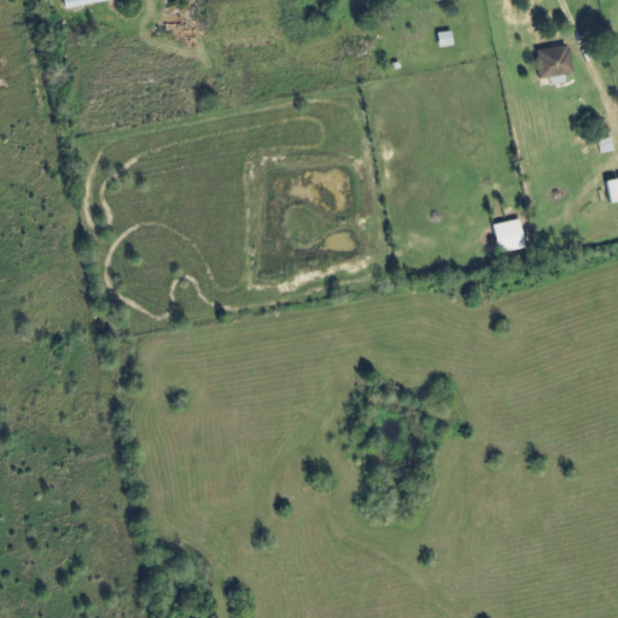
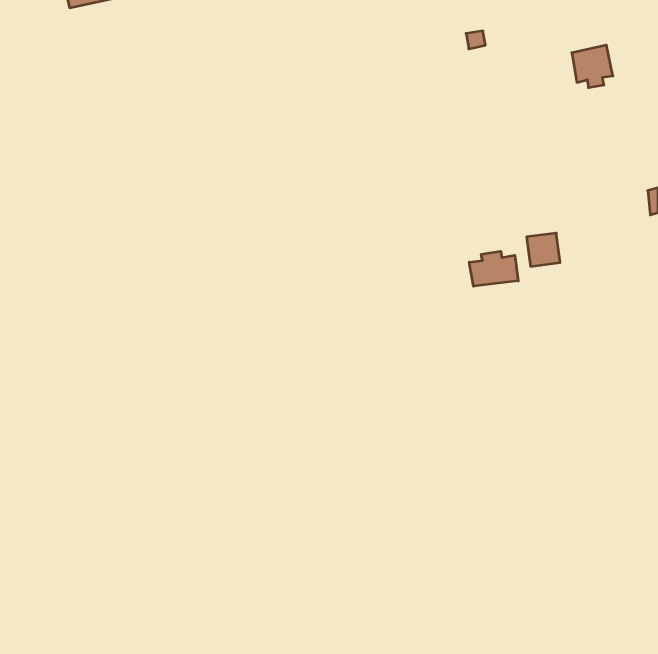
building: none -> [469,251,518,286]

